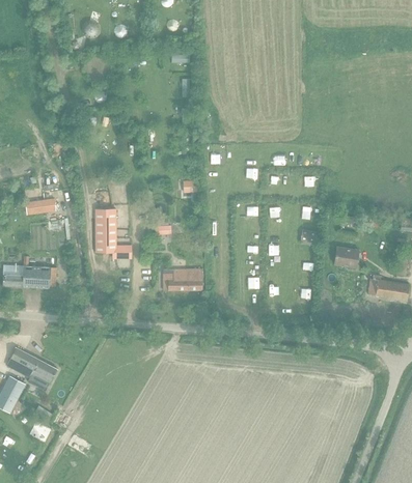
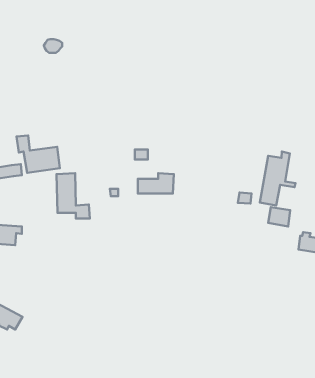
building: none -> [16,136,60,173]
building: none -> [260,152,295,205]
building: [162,266,202,289] -> [138,173,174,194]

